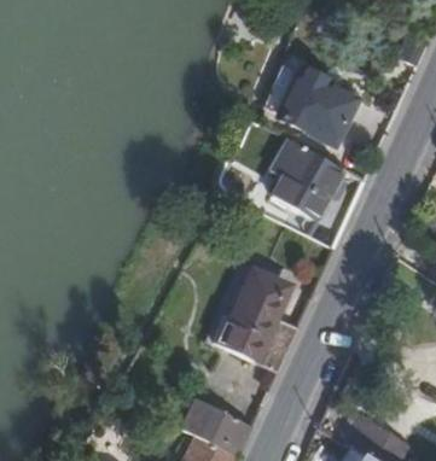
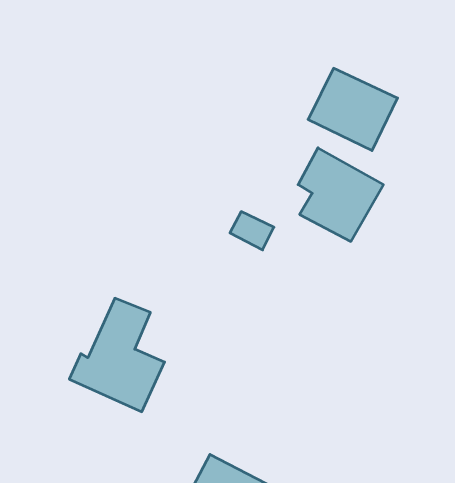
building: [217,273,298,369] -> [69,298,165,412]

